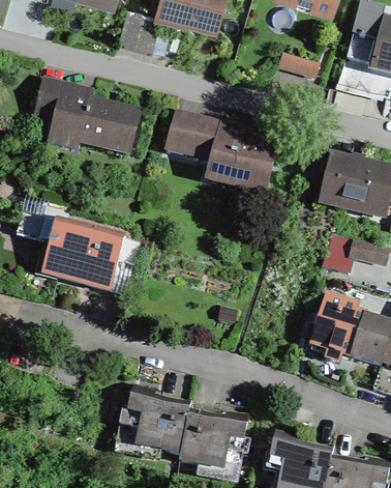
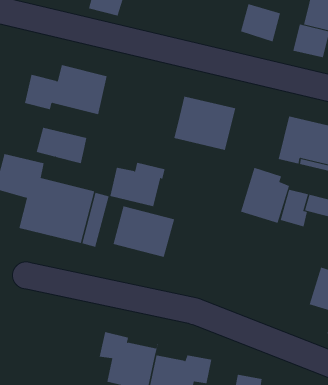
building: [35,79,90,118] -> [36,127,87,164]
building: [164,116,224,164] -> [109,162,166,207]
building: none -> [113,205,175,258]
building: [312,297,365,357] -> [240,167,290,223]

